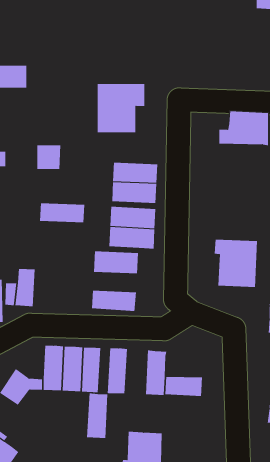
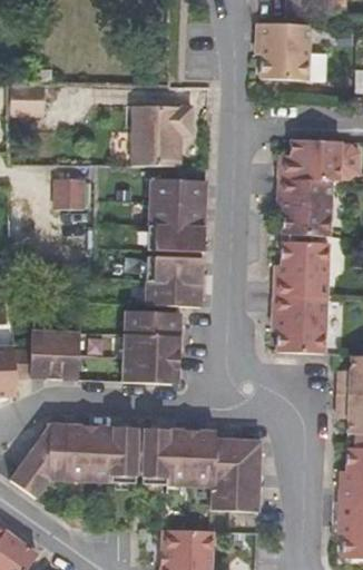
building: none -> [257,22,310,78]
building: none -> [150,176,206,204]
building: none -> [277,179,332,237]
building: none -> [274,240,328,297]
building: [39,203,85,223] -> [125,335,180,360]
building: none -> [53,332,79,379]
building: none -> [31,423,67,465]
building: none -> [214,438,261,463]
building: [86,393,108,439] -> [165,429,192,484]
building: none -> [212,484,258,510]

